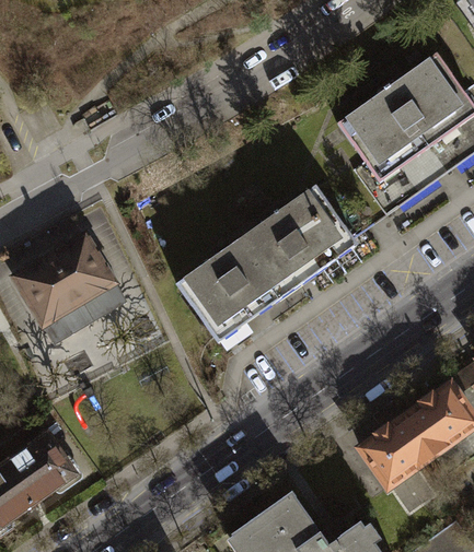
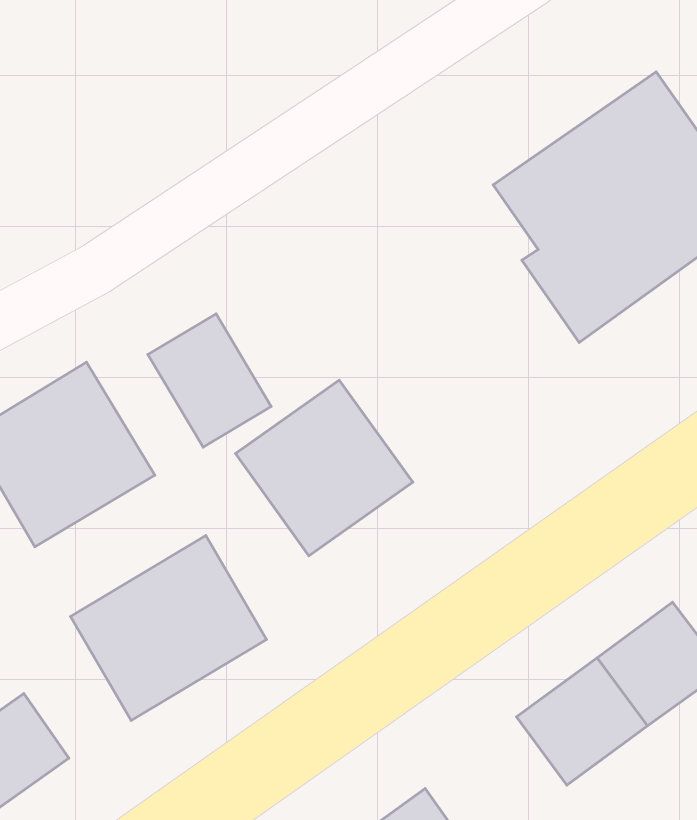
building: [240,189,359,304] -> none
building: none -> [148,314,271,447]
building: none -> [70,536,267,721]

